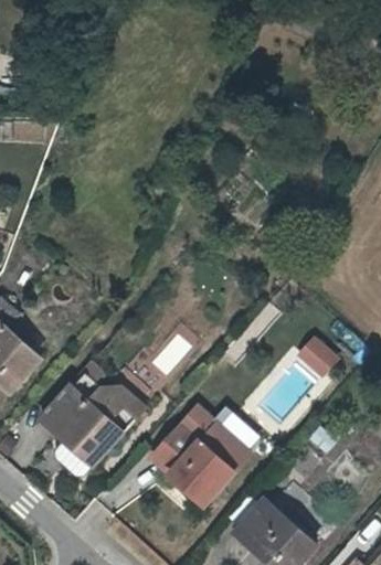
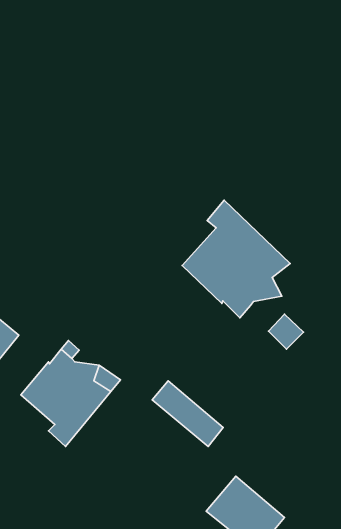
building: none -> [182,200,290,318]
building: [148,424,237,510] -> none

